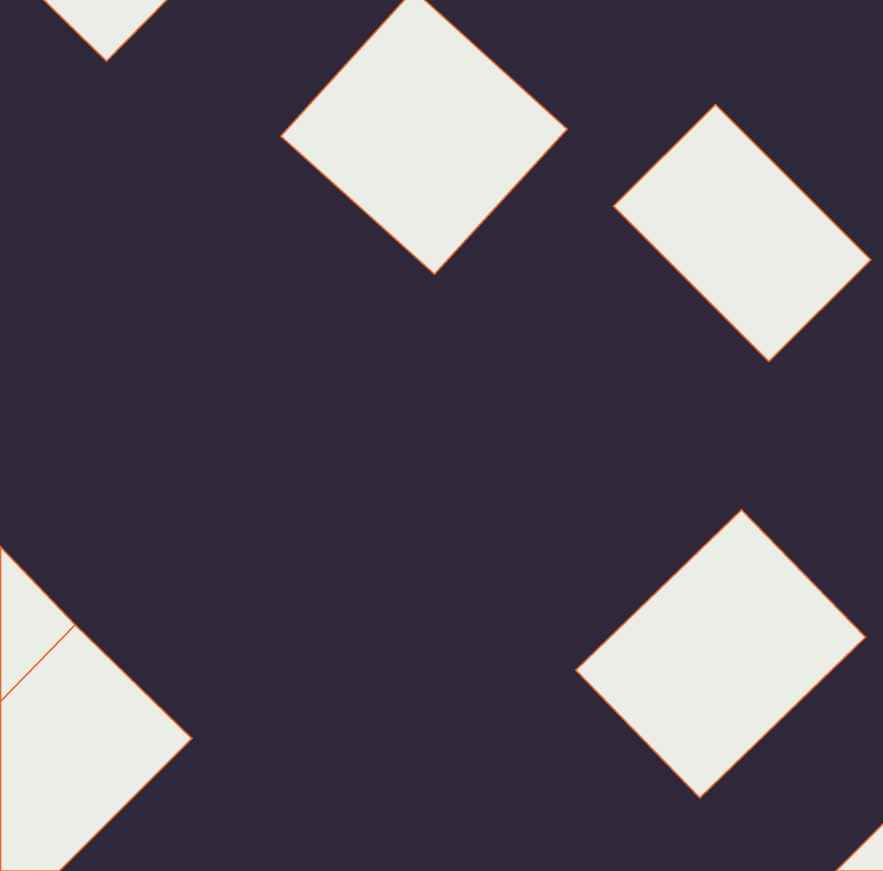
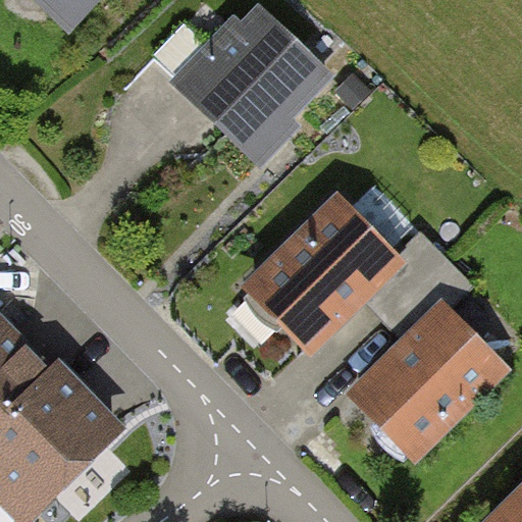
building: [613,105,871,361] -> none
building: none -> [237,187,410,359]

